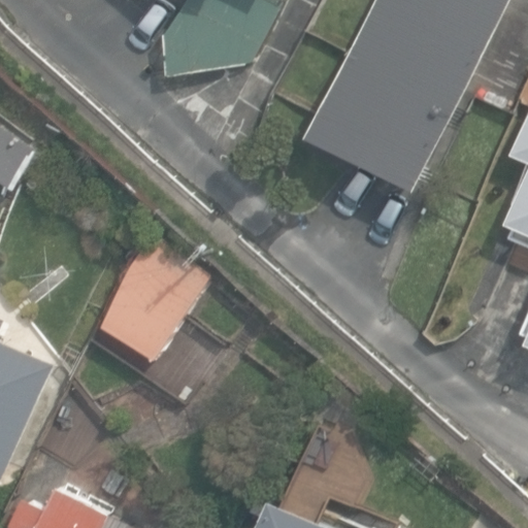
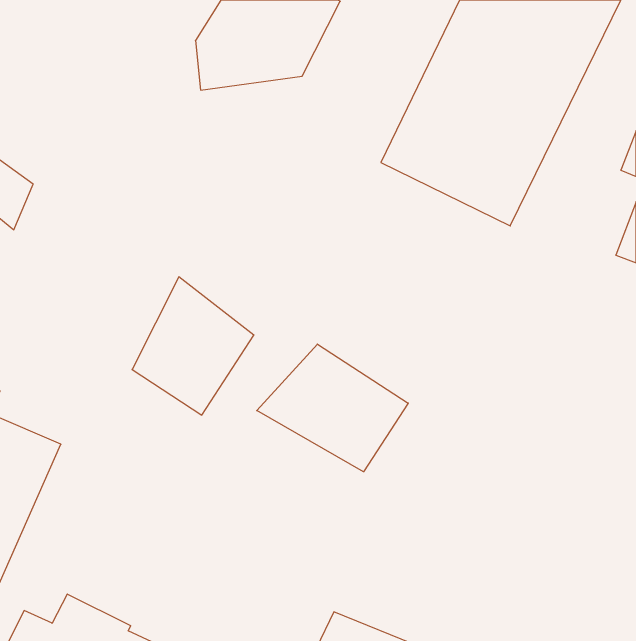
building: none -> [257,344,408,472]

